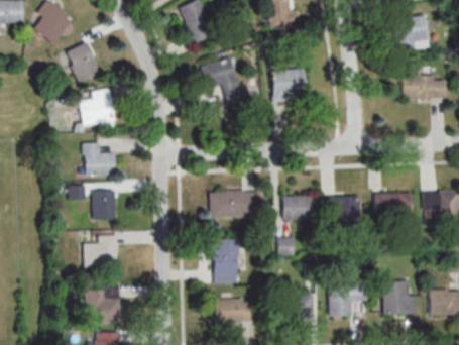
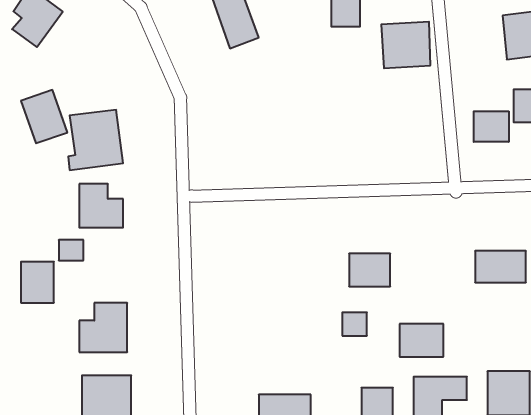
building: [65,42,99,82] -> [21,90,67,143]
building: [200,56,245,100] -> none
building: [270,68,307,102] -> [381,22,430,68]
building: none -> [474,111,509,142]
building: [92,190,116,220] -> [21,262,54,303]
building: [210,191,260,217] -> none
building: [328,196,360,220] -> [400,324,443,357]
building: [213,239,238,283] -> none

